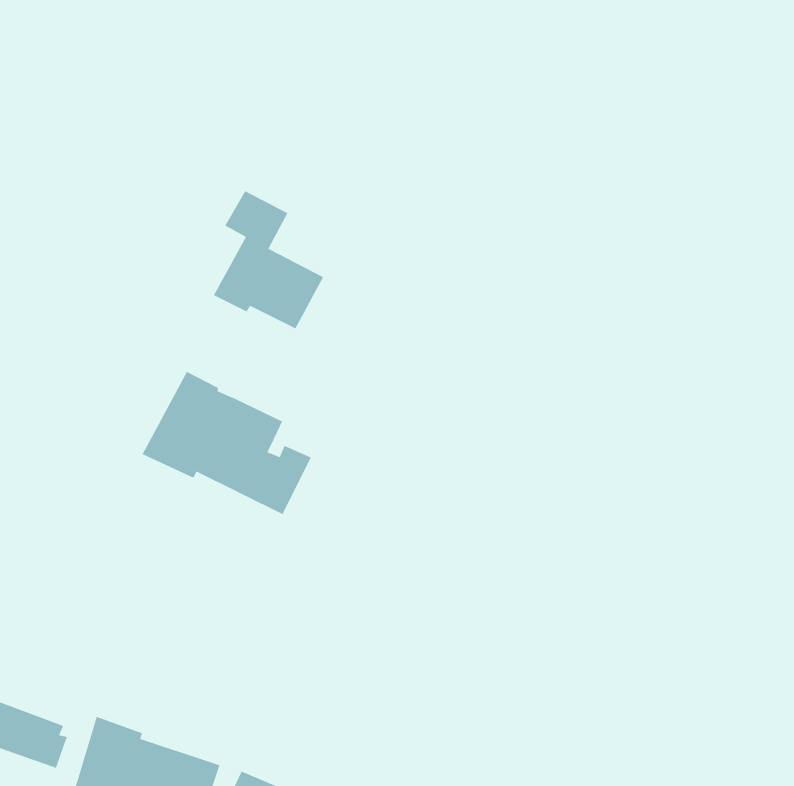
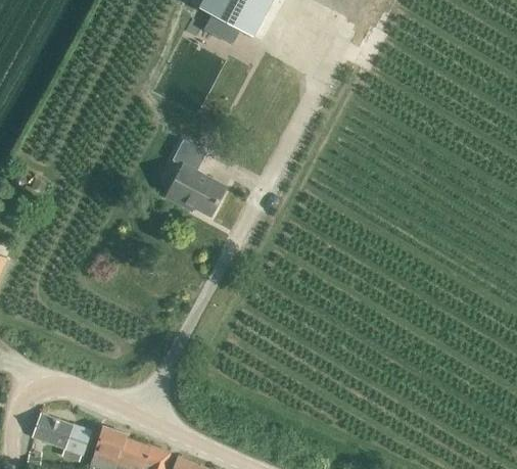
building: [142,371,312,515] -> none

